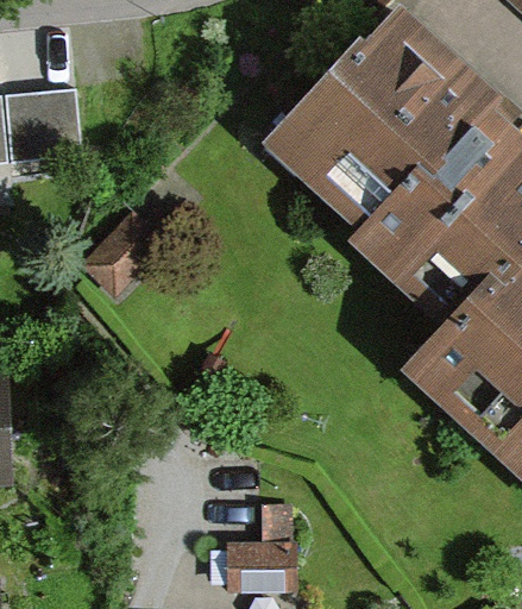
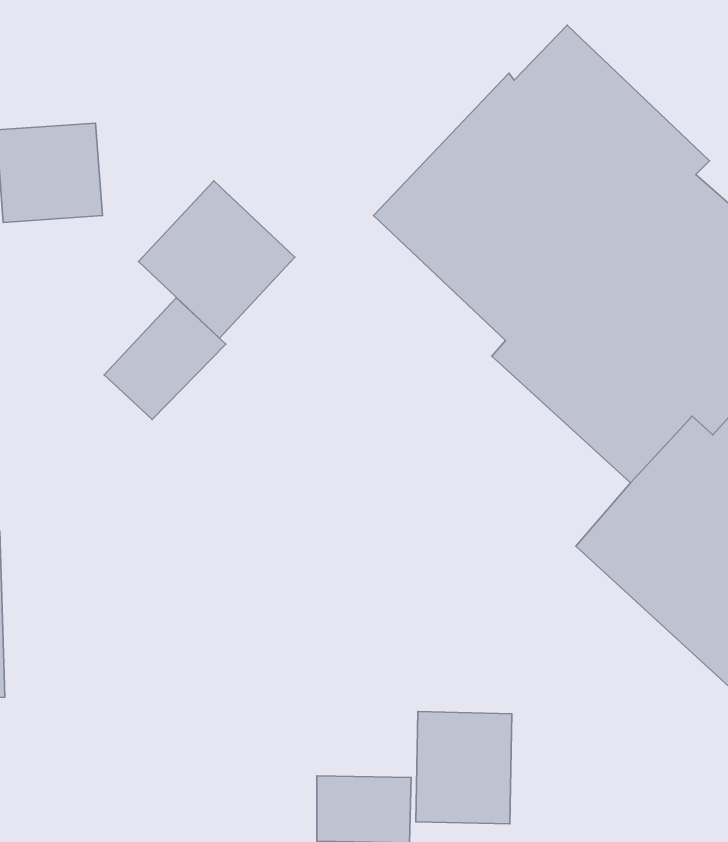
building: none -> [138,181,295,338]
building: none -> [416,712,512,824]

